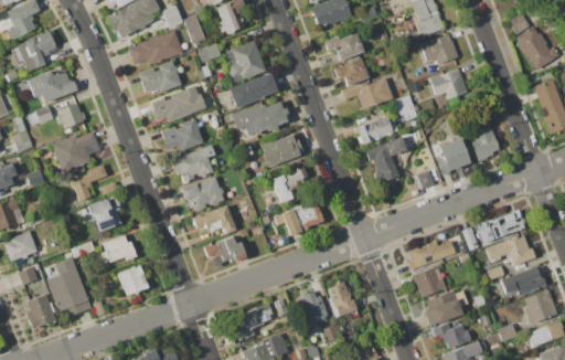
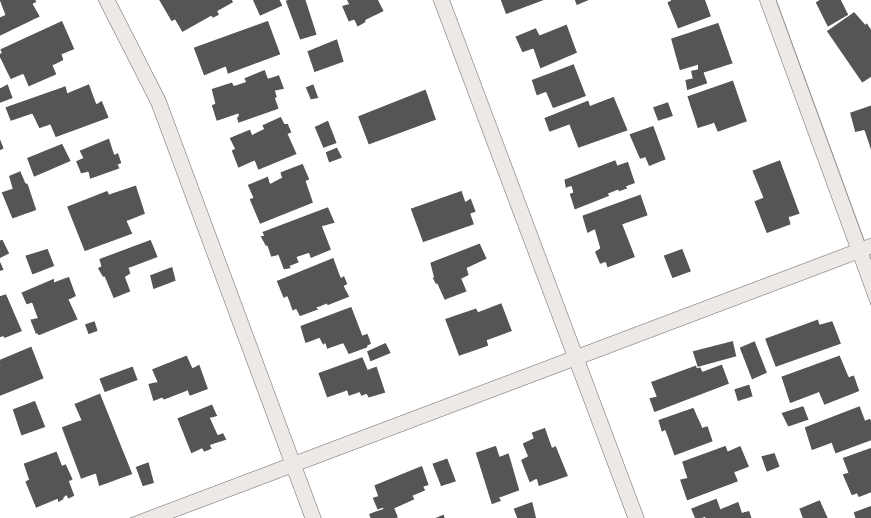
building: [226,40,266,83] -> none
building: [232,100,289,137] -> none
building: [436,139,467,174] -> none
building: [87,197,122,233] -> [21,276,78,336]

